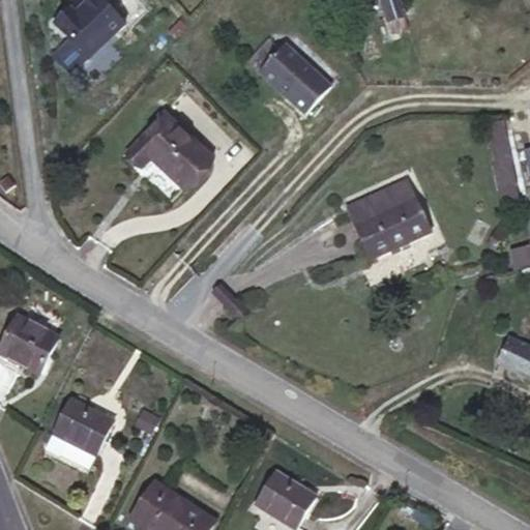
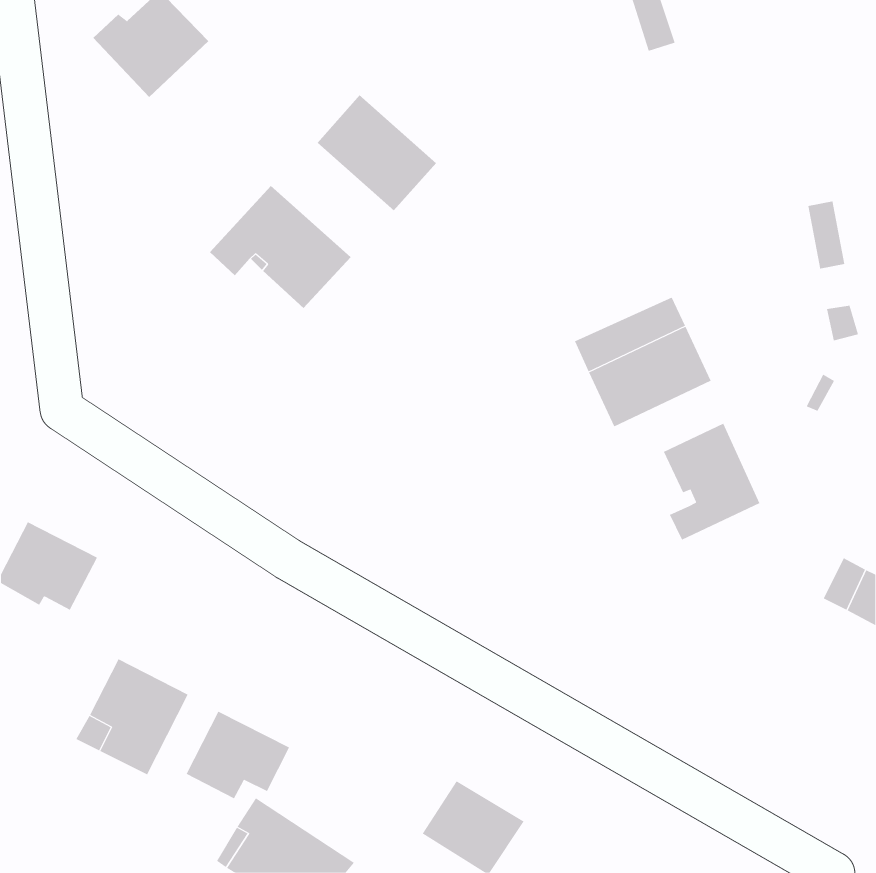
building: [257,42,329,113] -> [317,95,437,211]
building: none -> [663,423,760,541]
building: none -> [186,711,290,799]

